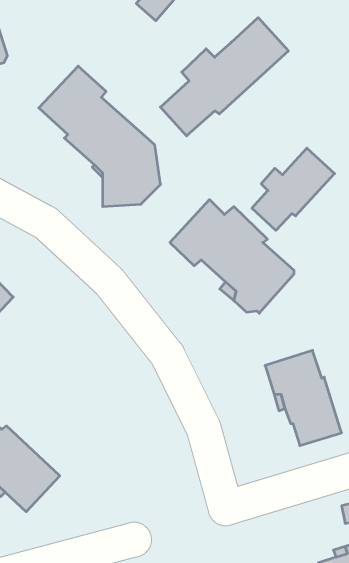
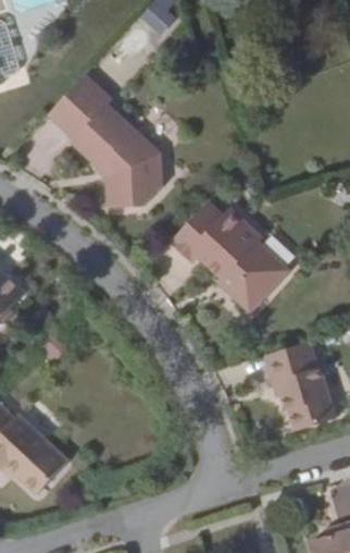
building: [160,18,288,136] -> none
building: [252,148,335,230] -> none

